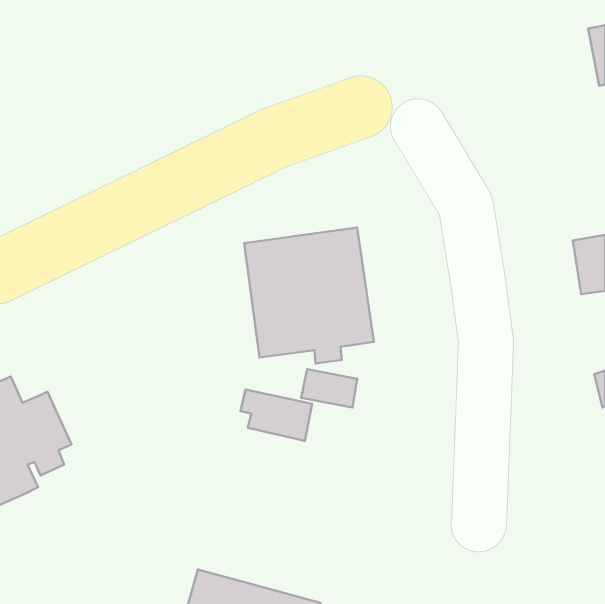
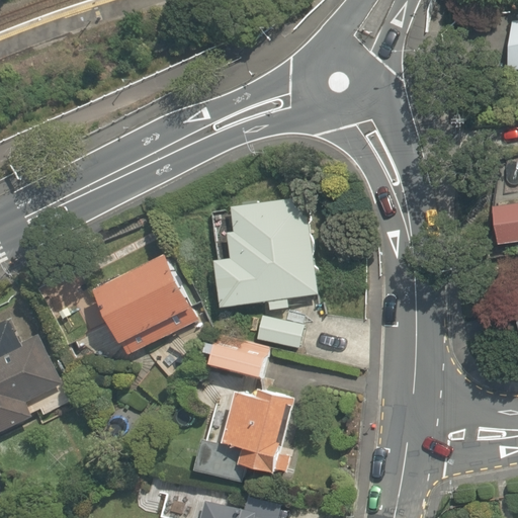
building: none -> [92,252,194,357]
building: none -> [197,385,297,481]

